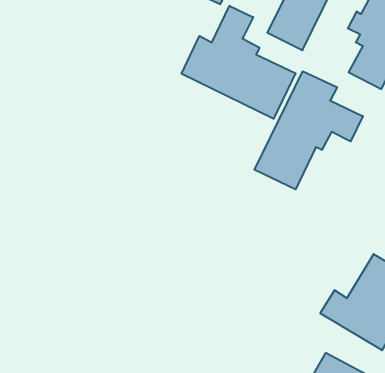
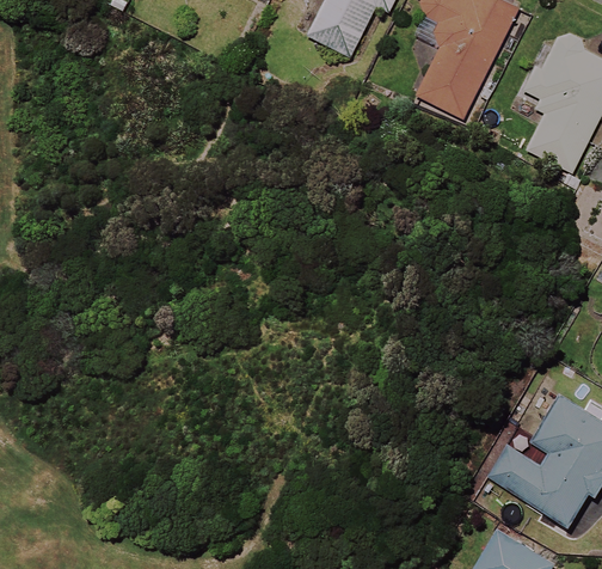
building: [182,6,296,119] -> none
building: [255,71,363,189] -> none

